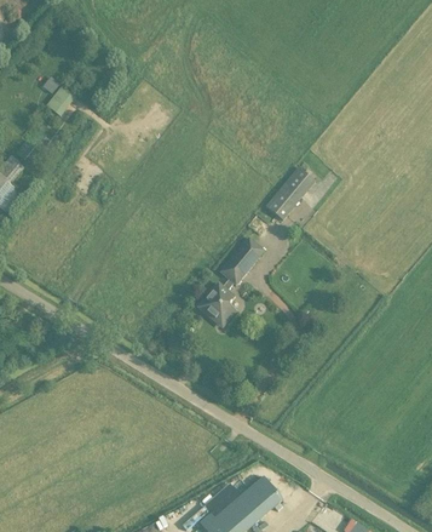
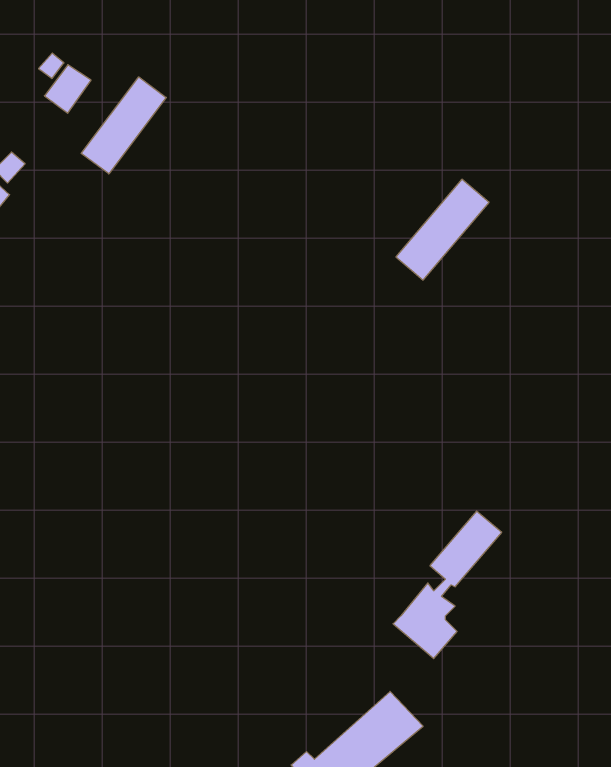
building: none -> [81,77,166,174]
building: [195,238,263,330] -> [393,511,502,659]

